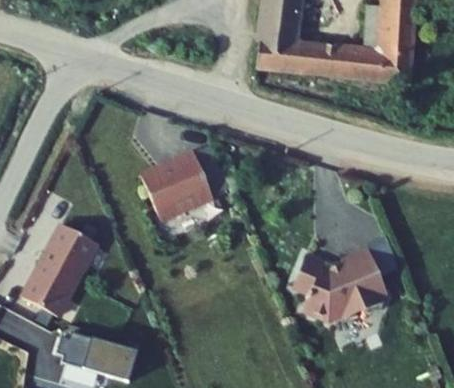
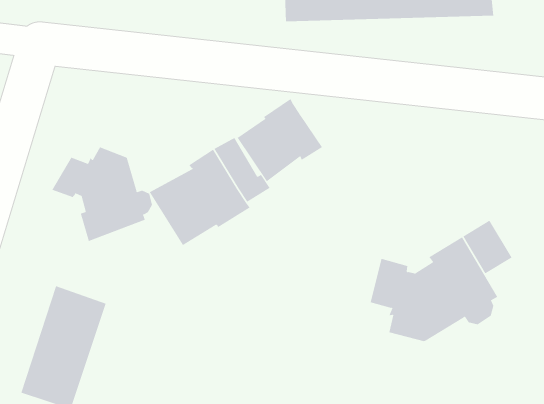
building: none -> [237,98,323,182]
building: none -> [52,147,153,242]

